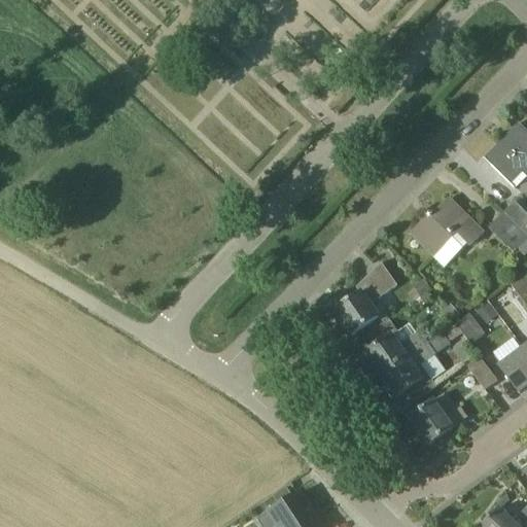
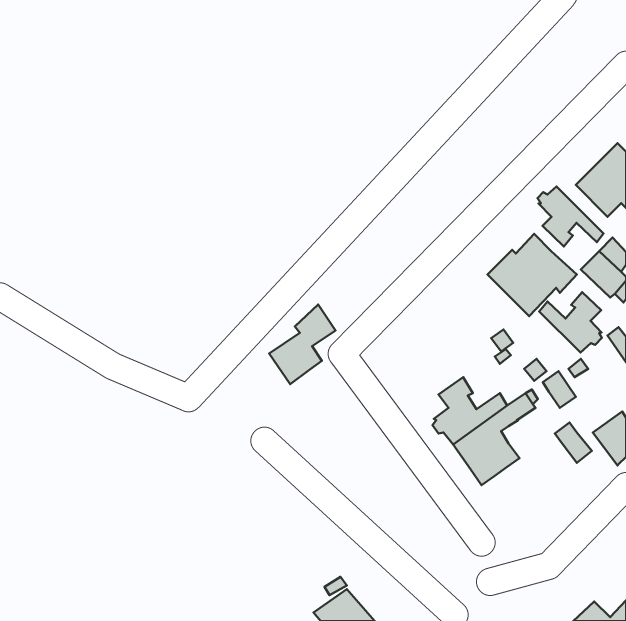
building: none -> [538,187,604,247]
building: none -> [539,292,602,353]
building: [335,267,390,333] -> [269,305,335,384]
building: [410,392,467,443] -> none

